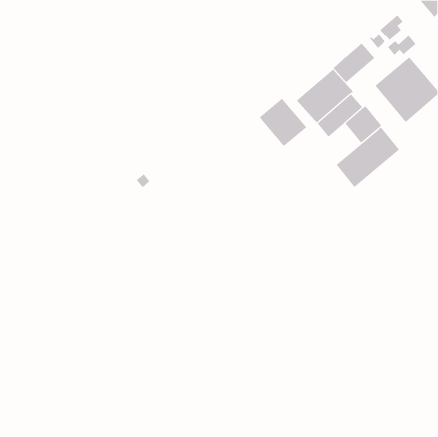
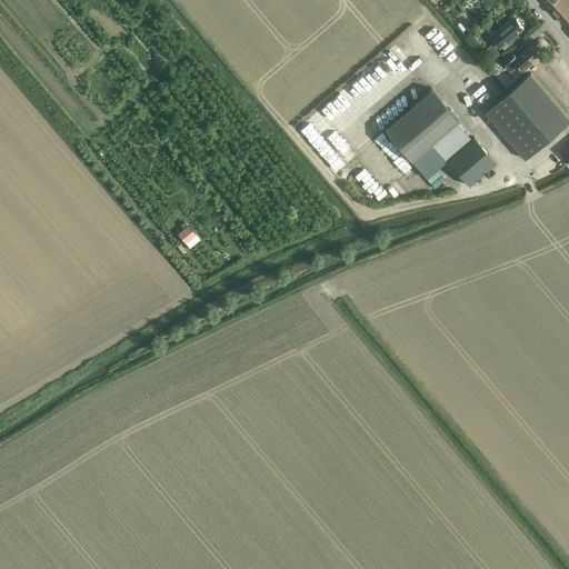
building: [333,42,375,83] -> none
building: [258,98,307,147] -> none
building: [336,126,400,188] -> none

